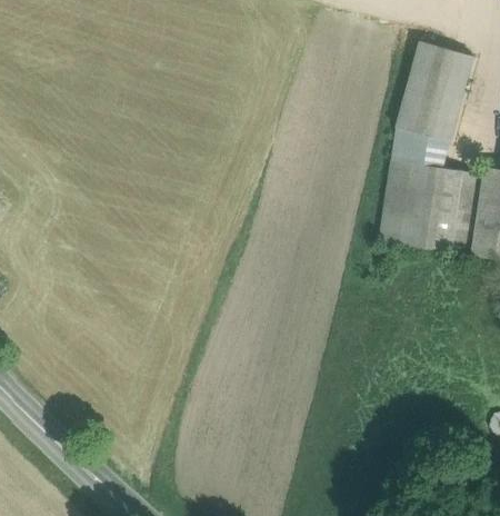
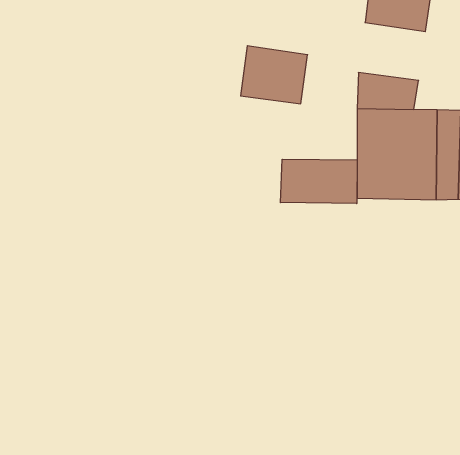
building: [397,82,462,141] -> [241,46,308,104]
building: none -> [280,159,357,204]

